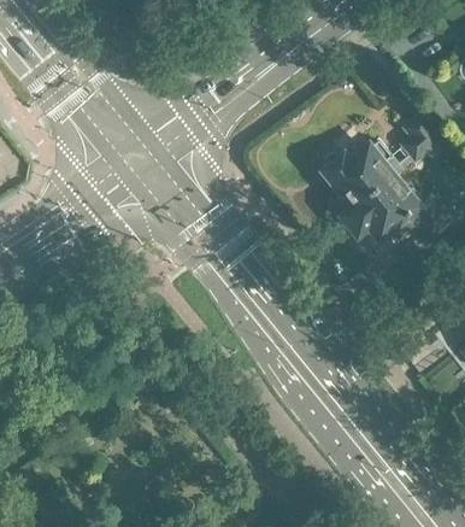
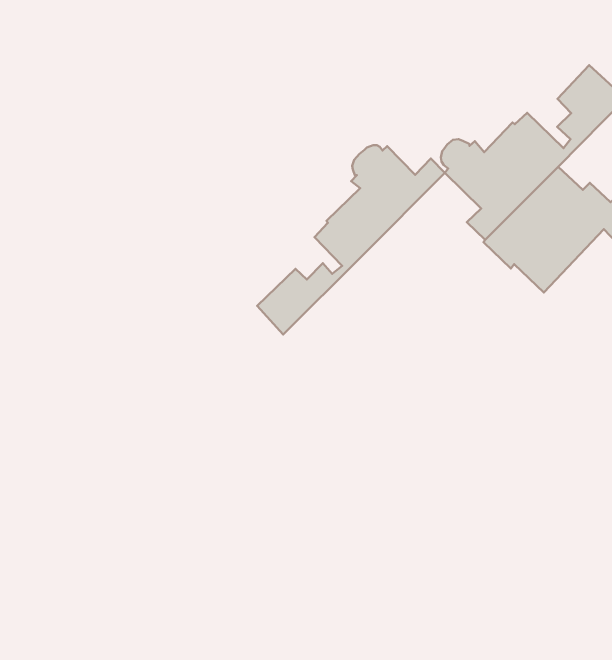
building: none -> [257,145,445,335]

